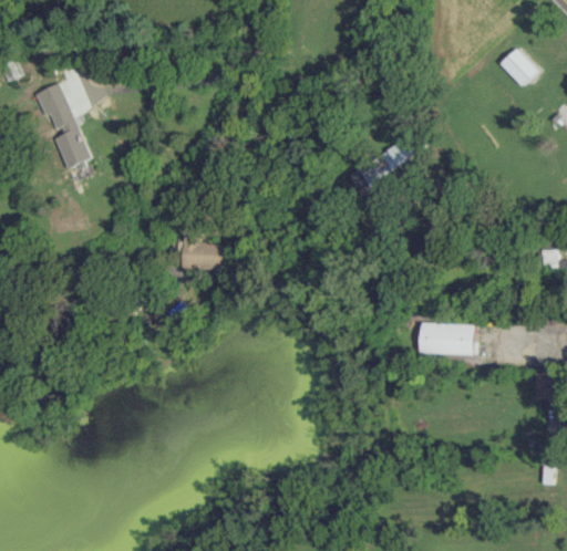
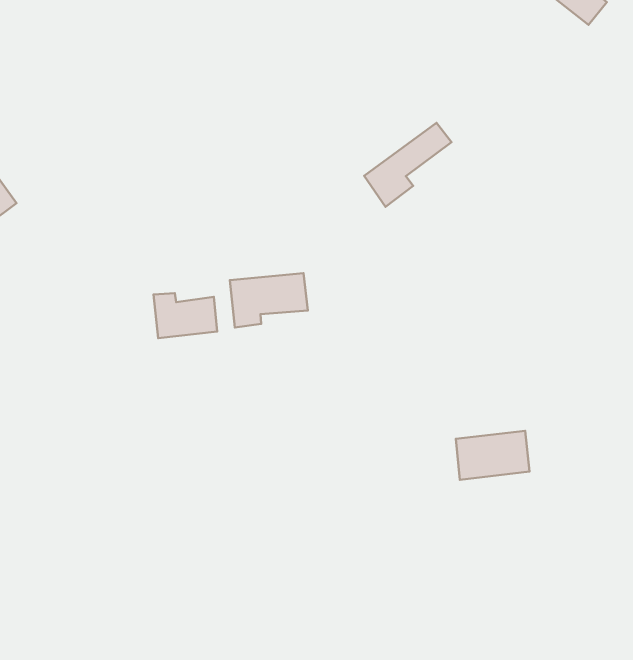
building: none -> [230,273,308,328]
building: [422,324,474,355] -> [456,431,529,480]

